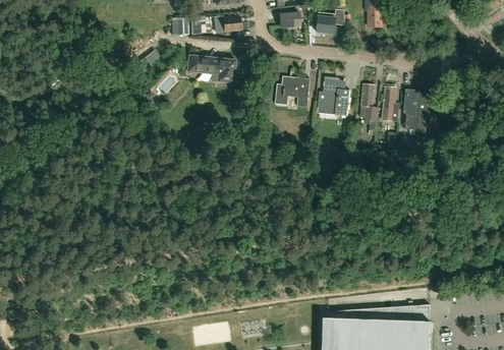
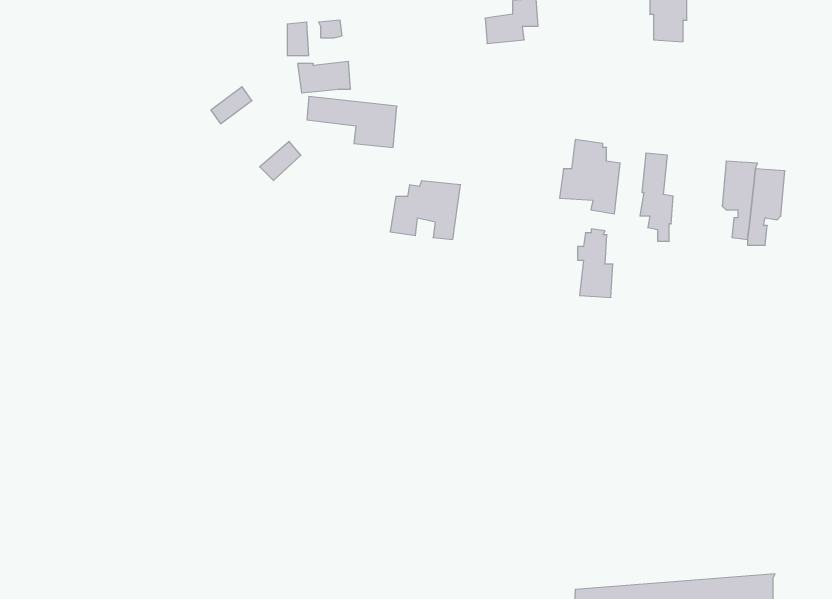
building: [311,9,343,33] -> none
building: [213,15,240,32] -> [298,62,351,93]
building: [273,76,310,107] -> [390,181,461,239]
building: [380,84,398,120] -> [578,229,613,297]

